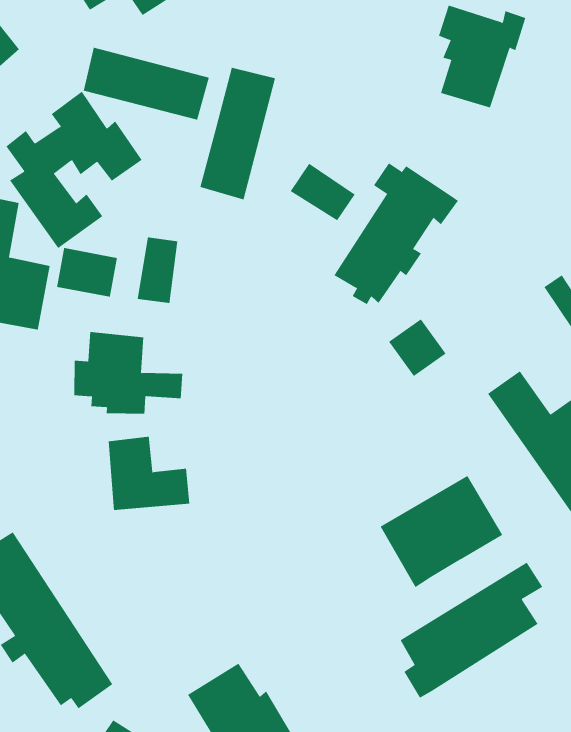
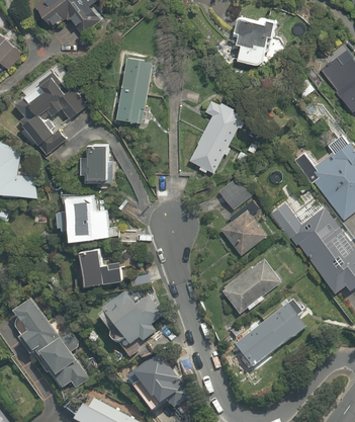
building: [83,47,209,120] -> none
building: [290,163,356,221] -> none
building: [57,247,117,298] -> none
building: none -> [219,208,266,254]
building: none -> [96,292,166,346]

